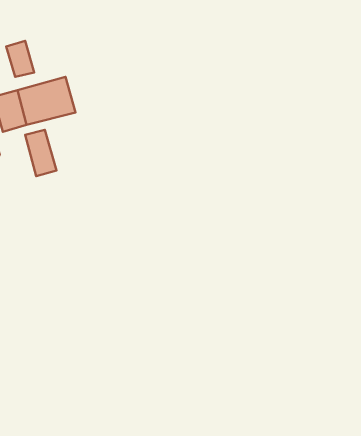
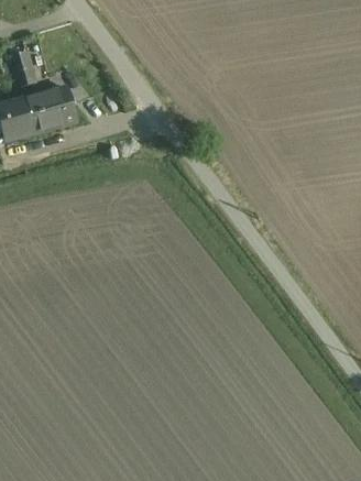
building: [25,130,56,176] -> none

